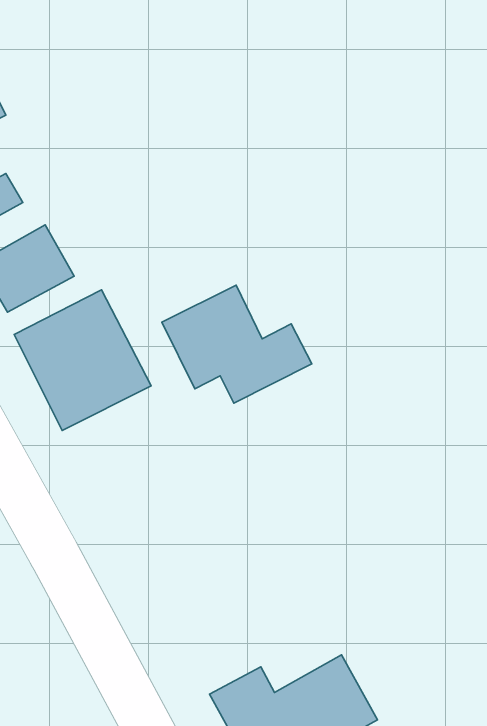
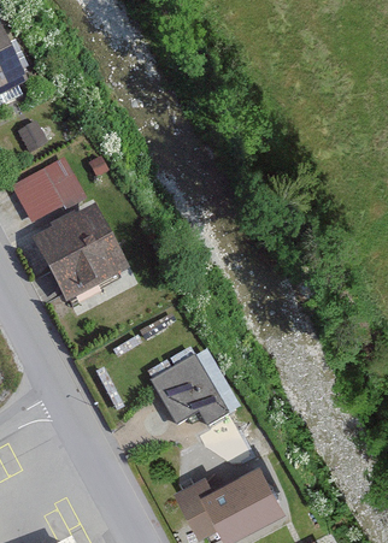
building: [162,285,312,403] -> none
building: none -> [149,356,225,425]

